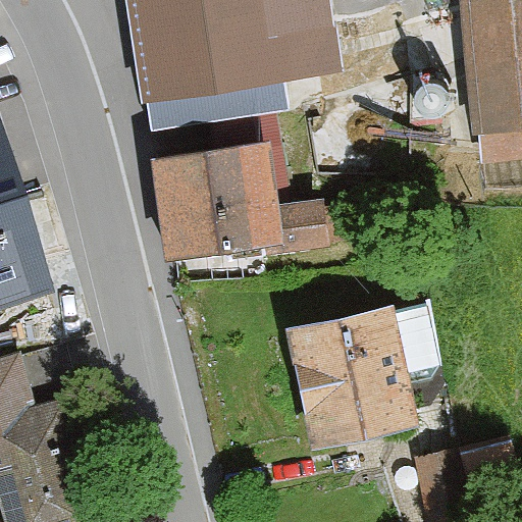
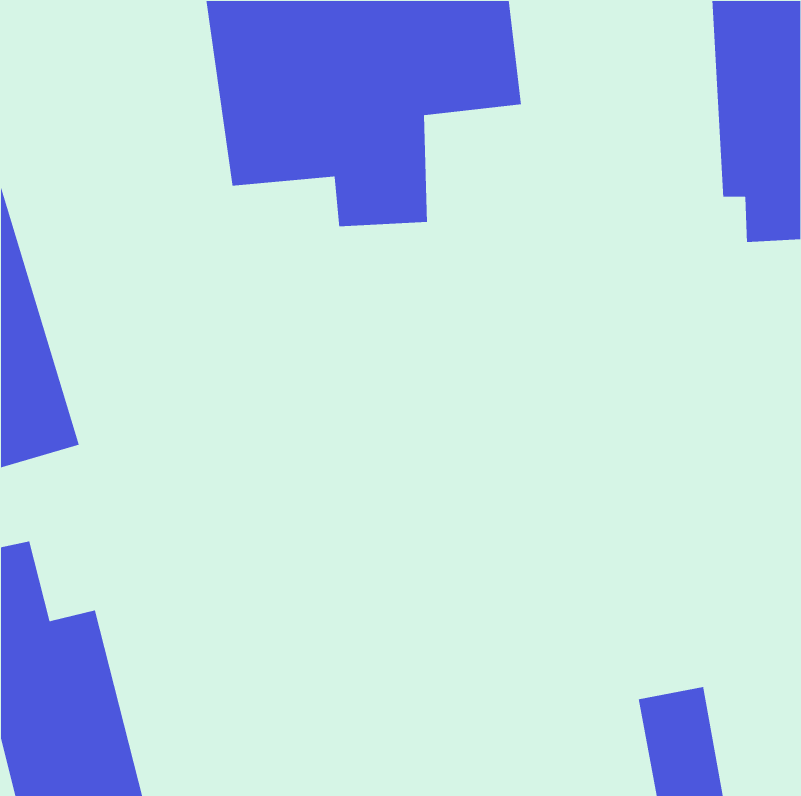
building: [154,148,330,258] -> none
building: [288,305,442,446] -> none

